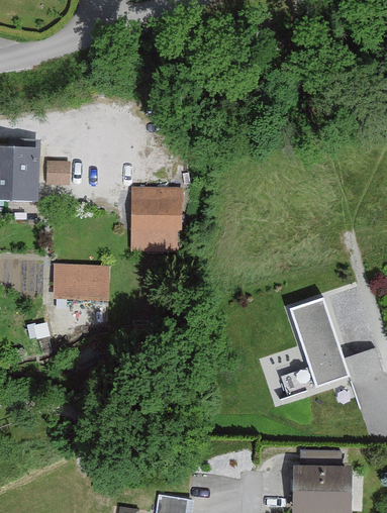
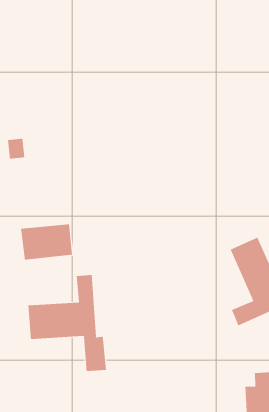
building: [131,186,177,247] -> none
building: none -> [28,274,106,372]

